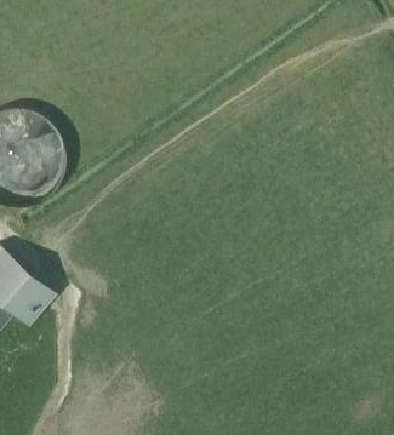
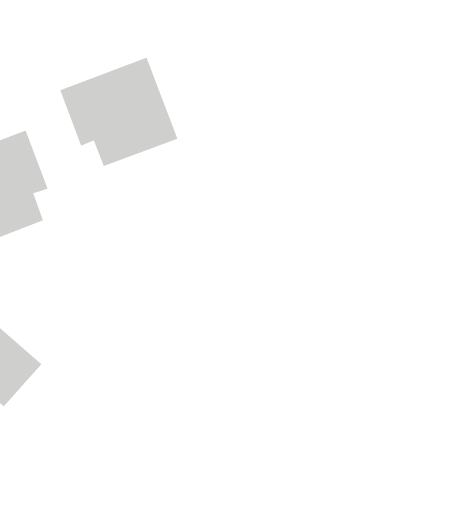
building: none -> [60,57,178,167]

